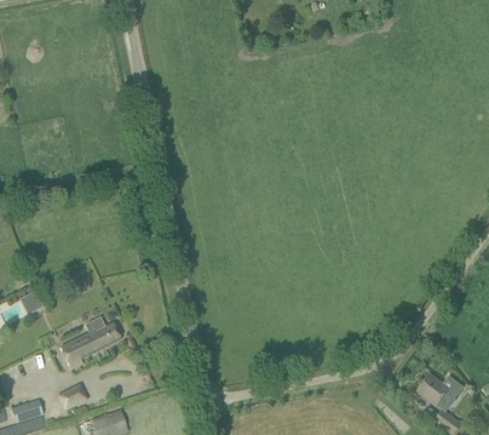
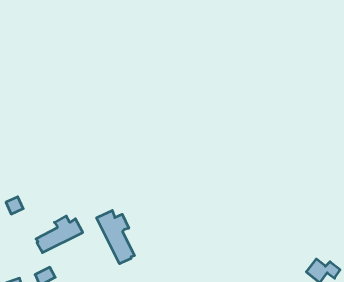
building: none -> [97,210,134,264]

